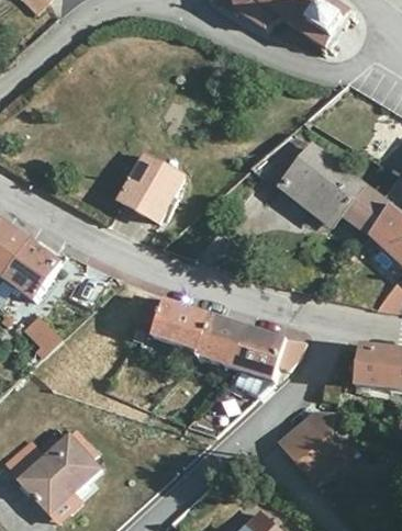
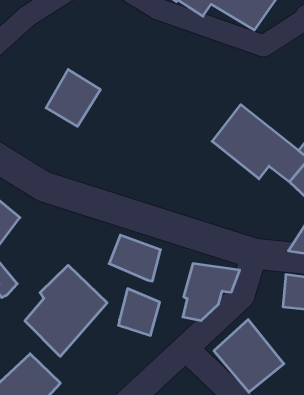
building: [112,160,177,228] -> [46,69,100,126]
building: [206,313,256,369] -> [118,289,160,335]
building: none -> [25,265,107,356]

